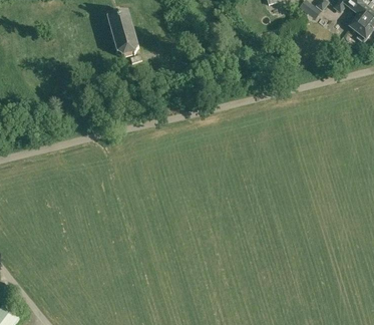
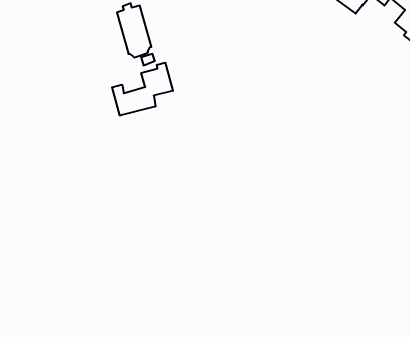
building: none -> [112,63,173,116]

